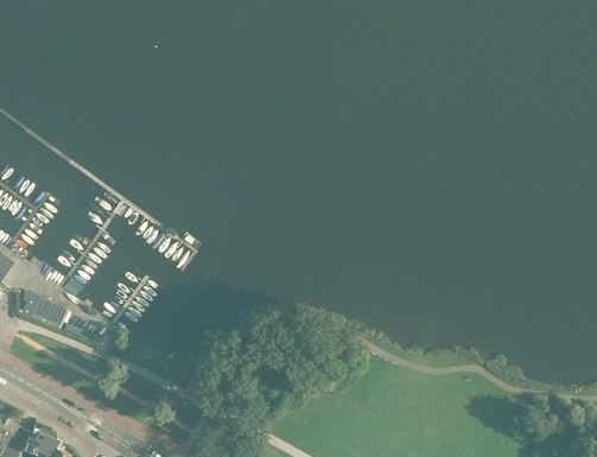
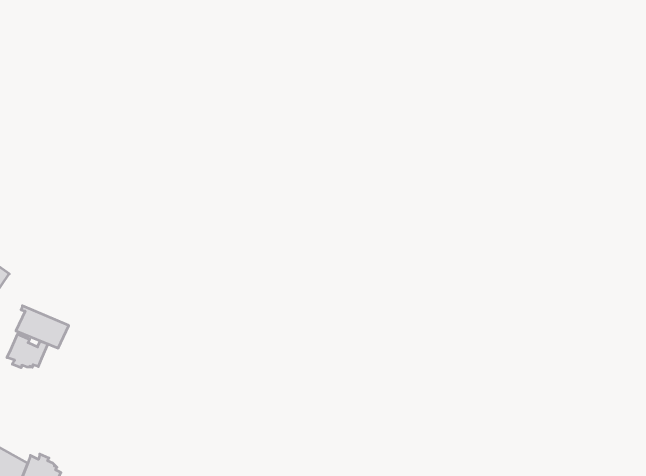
building: none -> [7,334,48,368]

